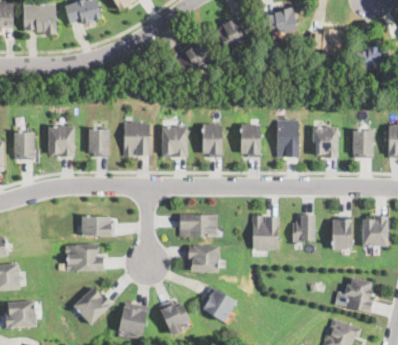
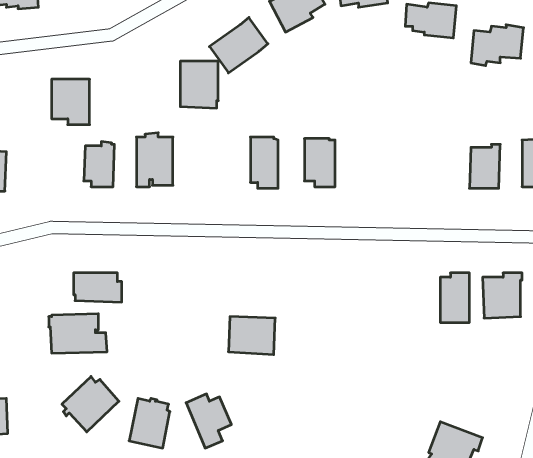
building: [275,120,299,158] -> none
building: [48,126,74,157] -> [52,79,90,125]
building: [161,126,187,158] -> [180,61,218,108]
building: [311,127,338,158] -> none
building: [178,214,217,237] -> none
building: [252,215,279,252] -> none
building: [293,215,314,243] -> none
building: [345,277,373,312] -> none
building: [199,287,235,321] -> none

